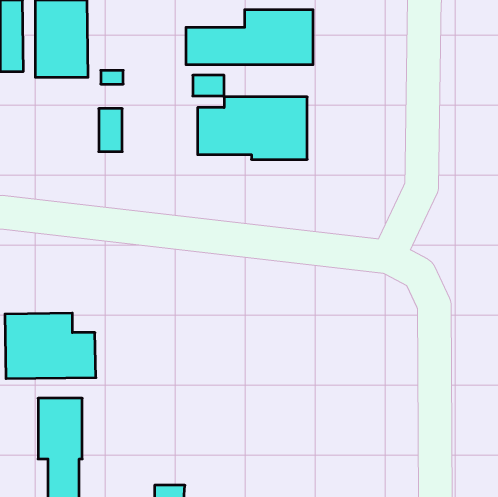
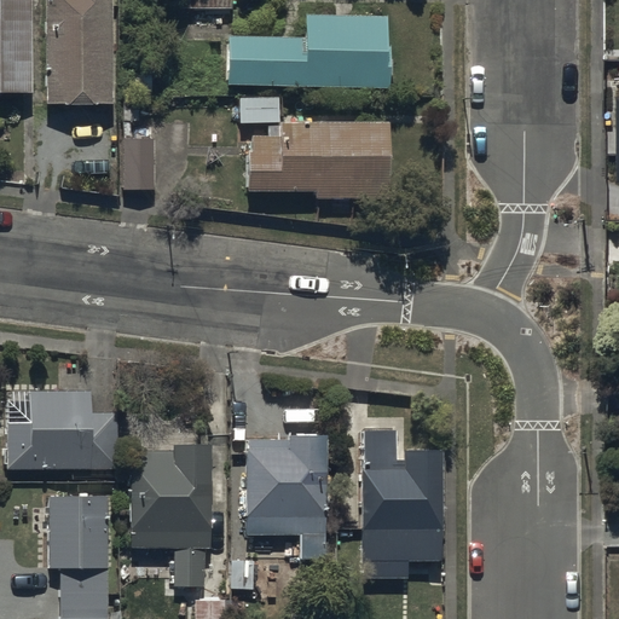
building: none -> [245,434,326,560]
building: none -> [368,434,442,575]
building: none -> [134,446,207,589]

